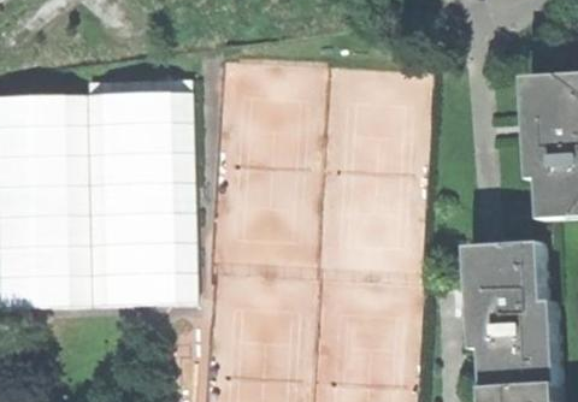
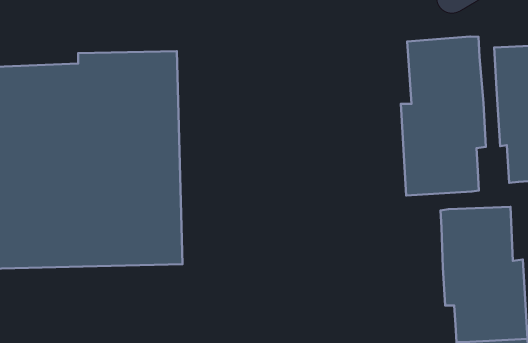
building: none -> [401,36,486,196]

